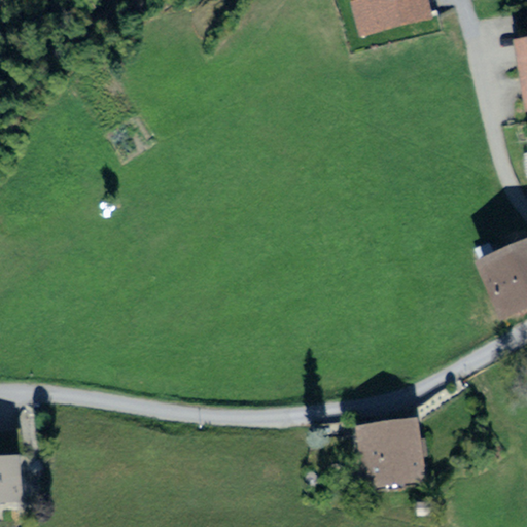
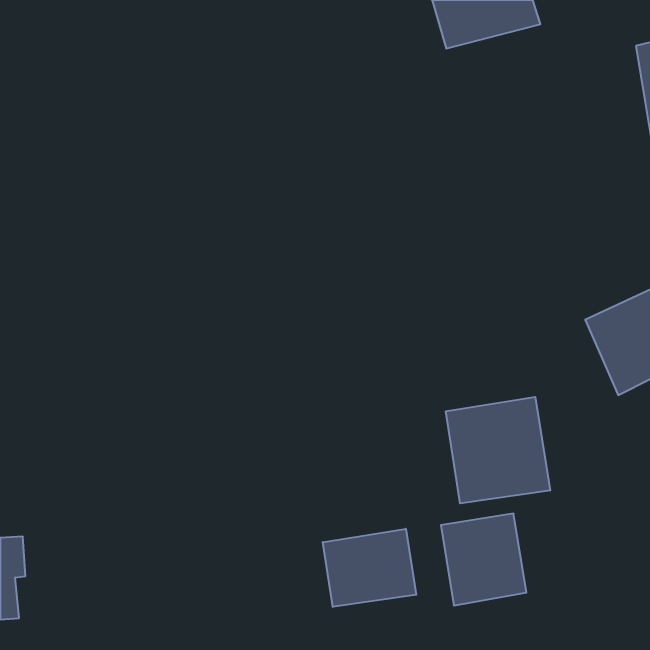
building: none -> [446,397,550,503]
building: none -> [323,529,416,607]

